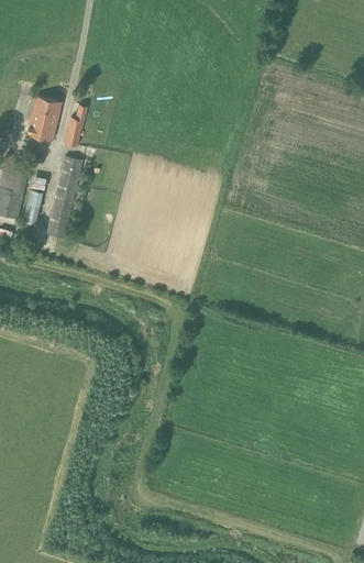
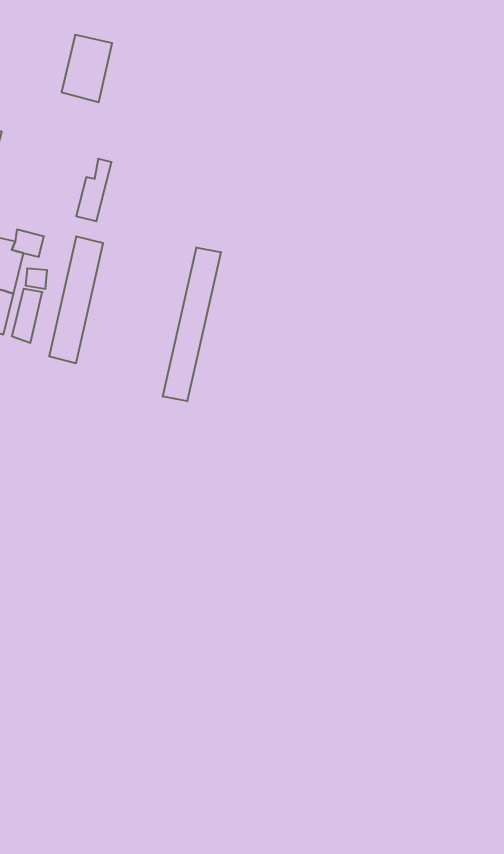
building: [27,97,60,141] -> [62,35,112,102]
building: none -> [163,247,221,401]

